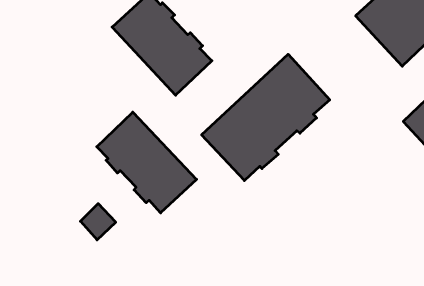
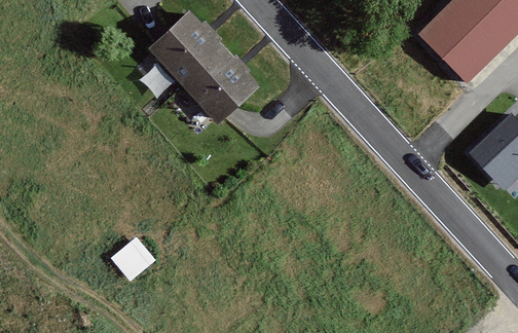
building: [202,54,330,181] -> none
building: [97,112,197,213] -> none

